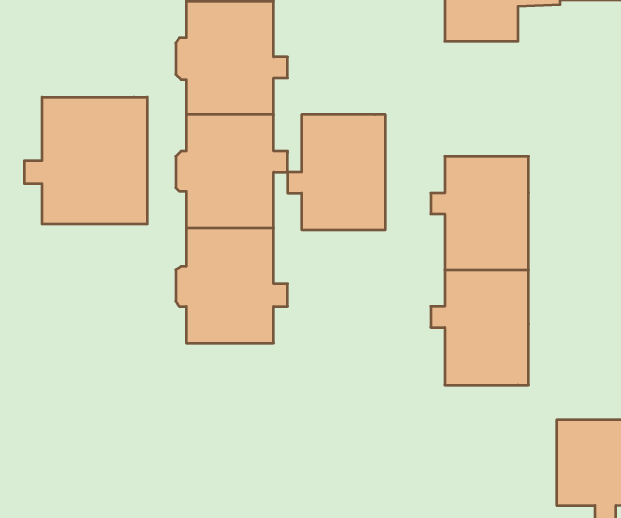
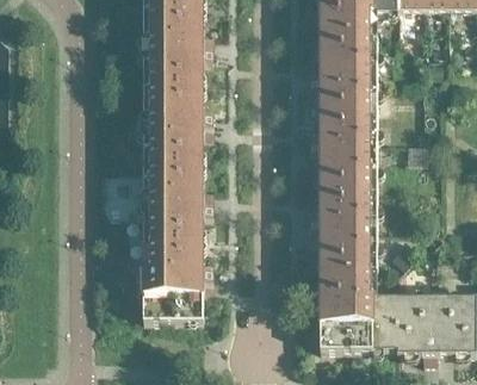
building: [24,97,147,224] -> none
building: [288,115,385,230] -> [309,35,376,113]
building: none -> [135,241,211,319]
building: none -> [318,269,395,348]

